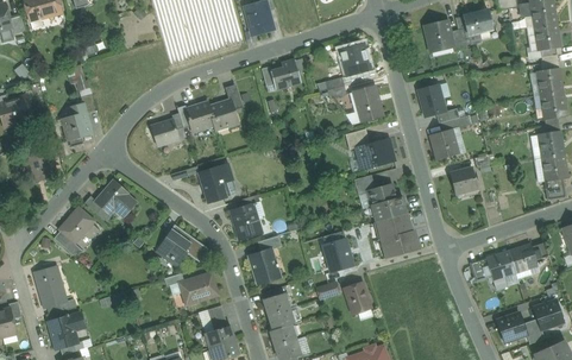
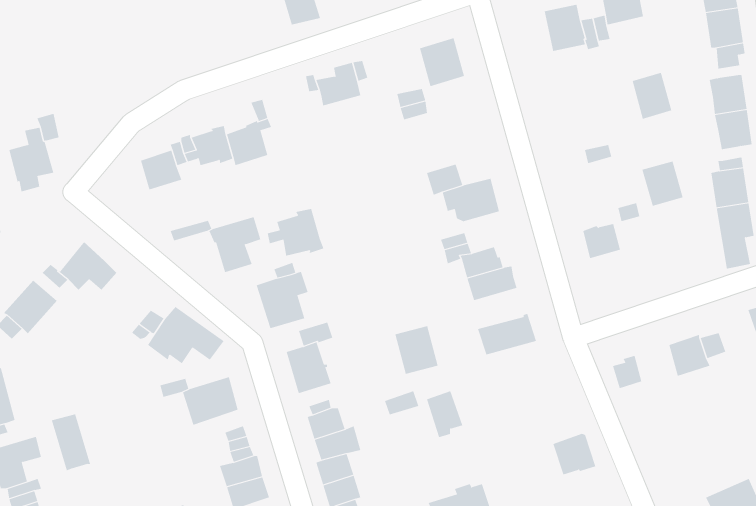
building: [353,84,383,122] -> none
building: [419,84,446,116] -> [632,72,672,119]
building: [430,128,459,159] -> [642,161,684,206]
building: none -> [267,208,324,257]
building: [373,213,410,240] -> none
building: [486,251,515,290] -> none
building: none -> [51,414,91,471]
building: [534,299,562,329] -> none
building: [497,312,527,341] -> [552,433,596,475]

